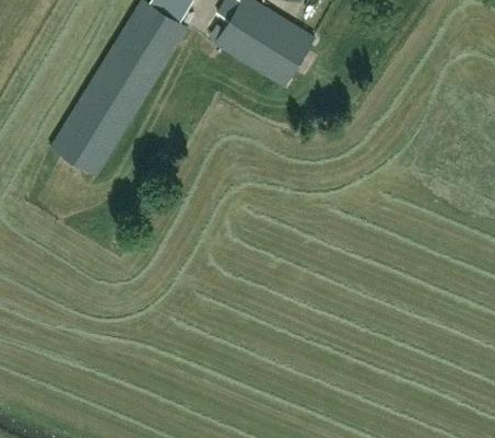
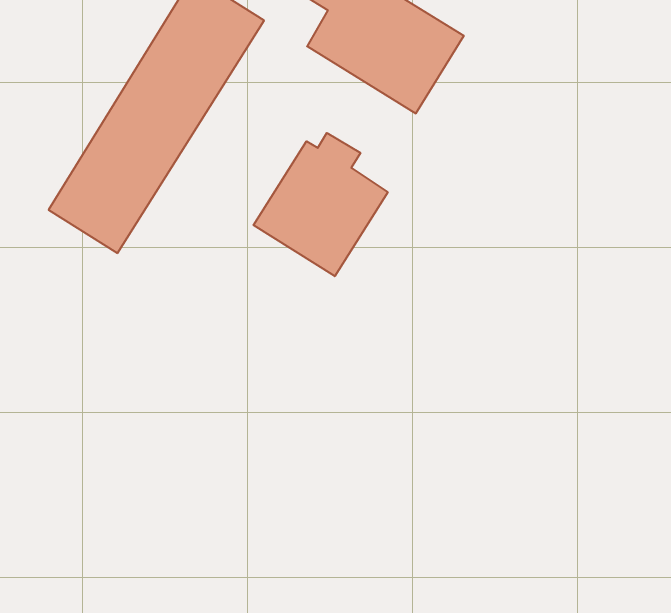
building: none -> [254,133,388,276]

